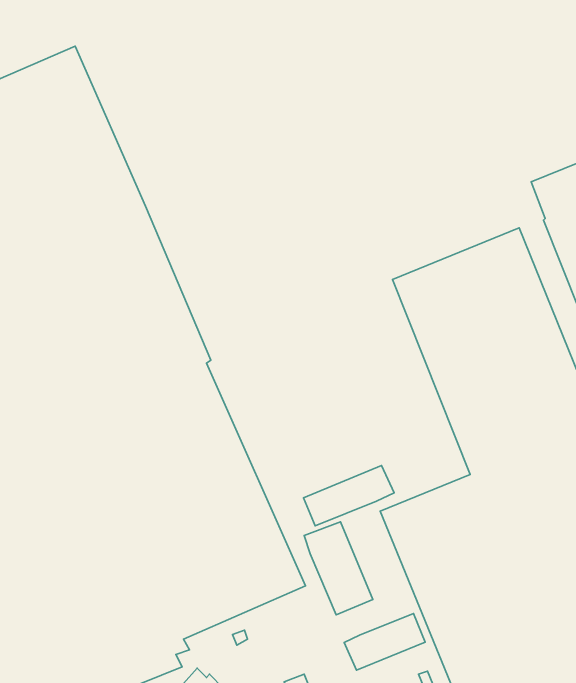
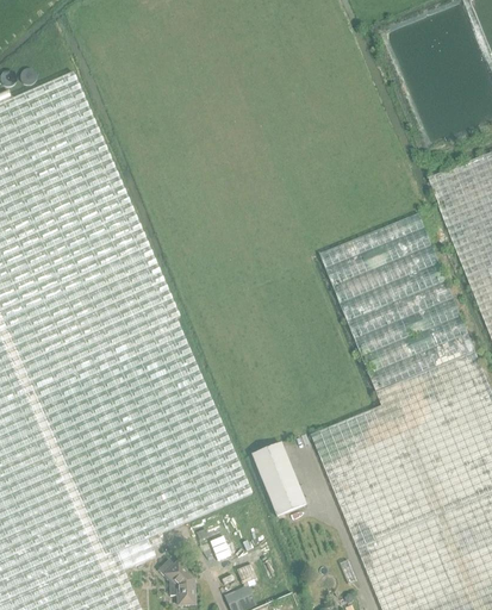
building: [304,466,394,526] -> none
building: [344,614,425,670] -> none

